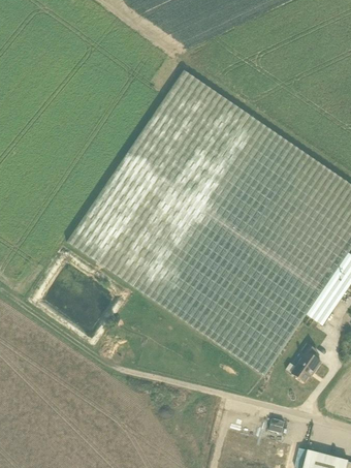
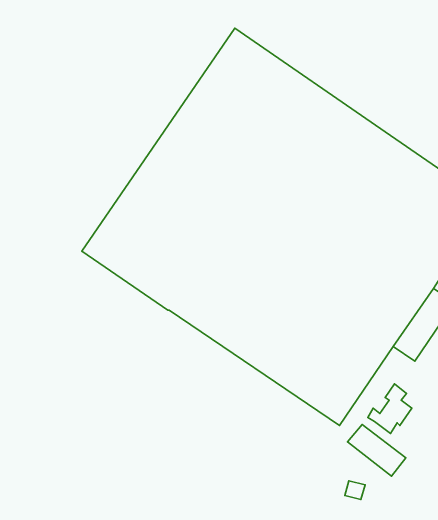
building: none -> [348,424,406,476]

